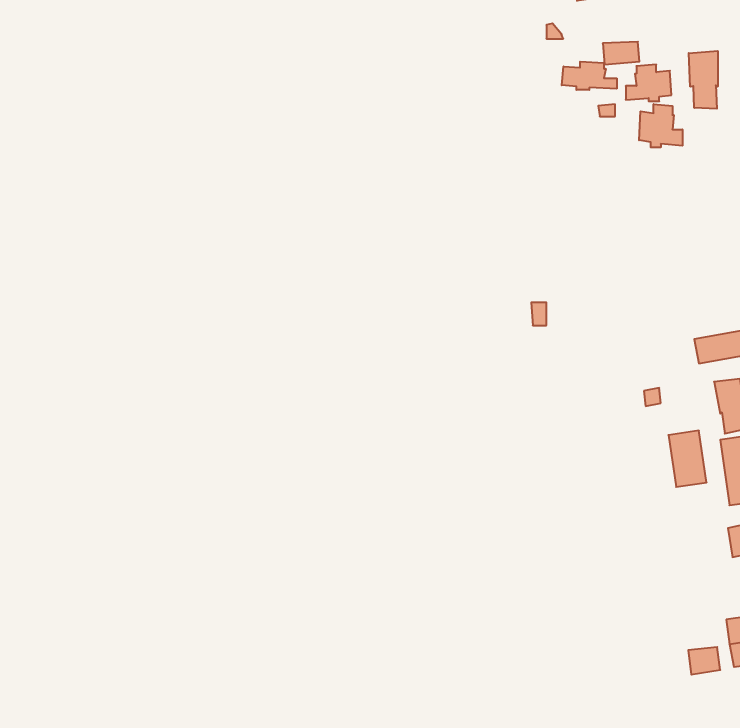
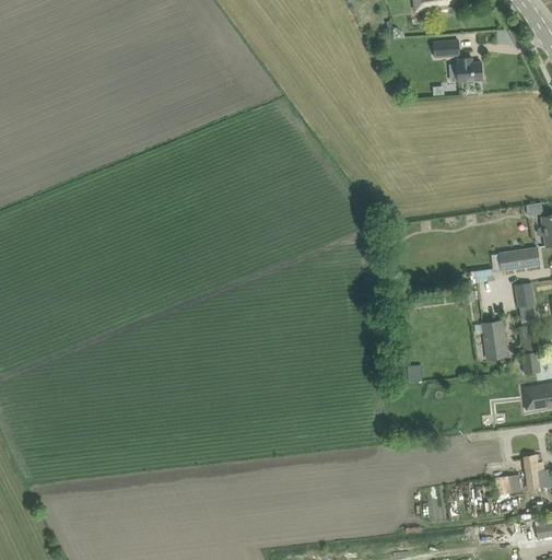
building: [689,51,718,109] -> none
building: [562,62,617,90] -> none
building: [639,104,682,147] -> none

